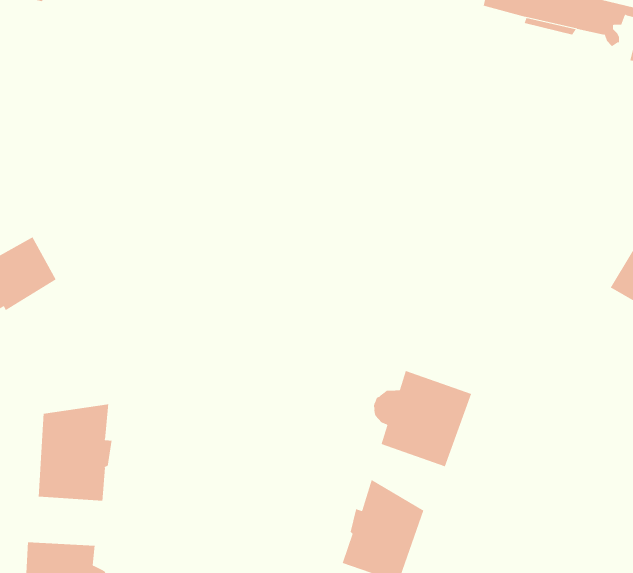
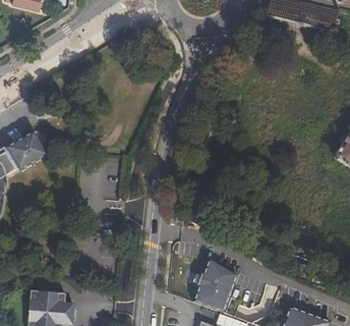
building: [374,370,472,467] -> none
building: [38,404,112,501] -> none

